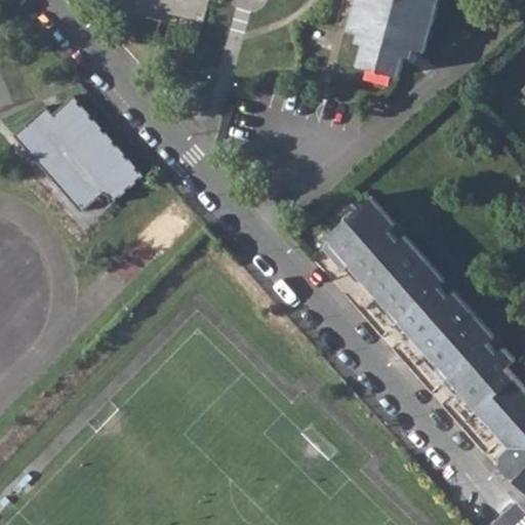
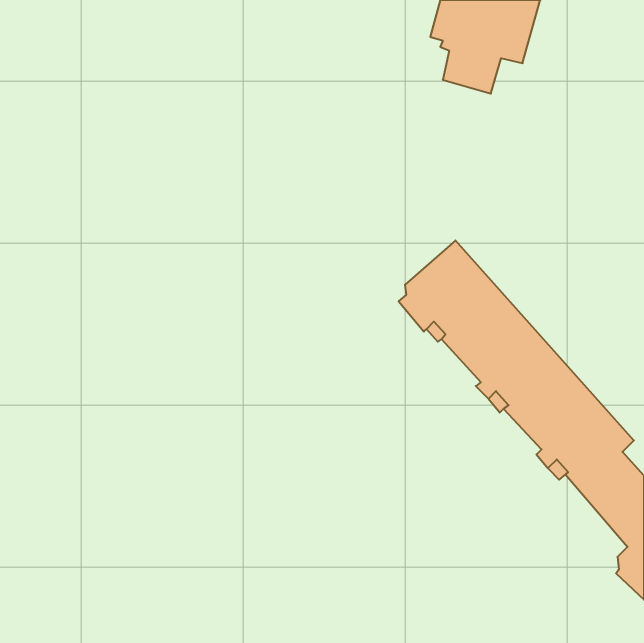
building: [10,96,142,212] -> none

